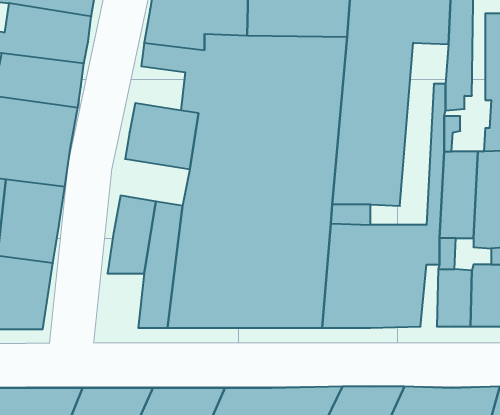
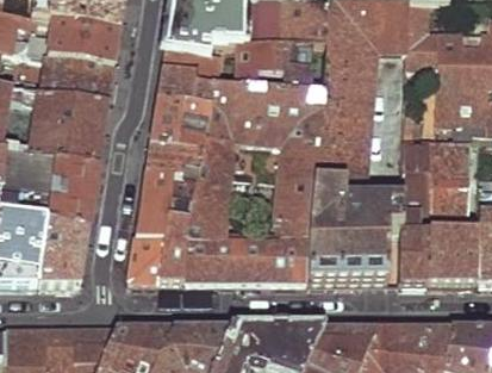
building: none -> [156,69,197,105]
building: none -> [144,144,200,182]
building: none -> [127,237,163,281]

